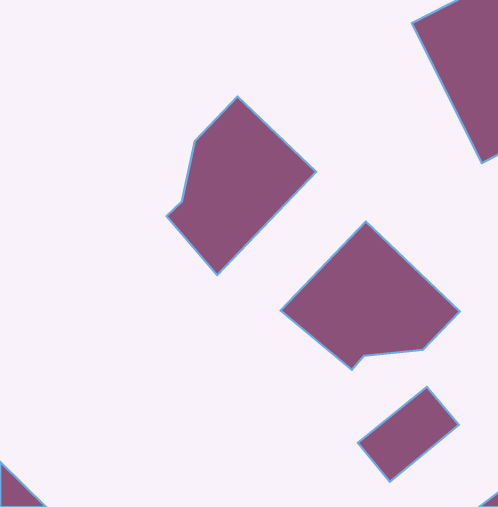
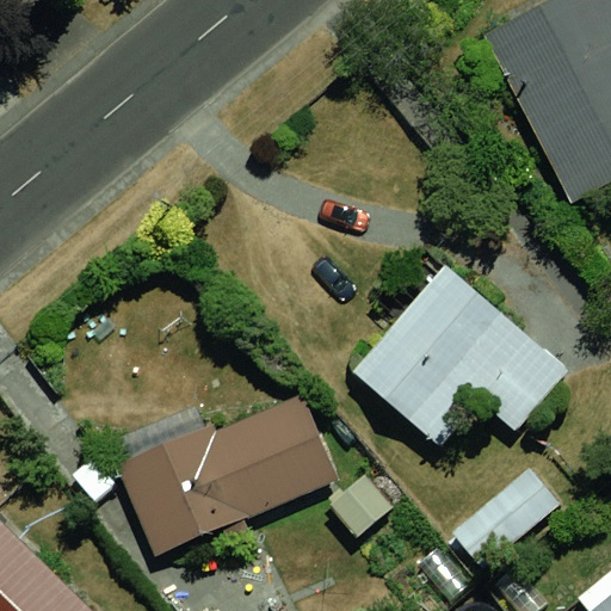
building: [167,96,316,275] -> none
building: none -> [109,396,325,554]

